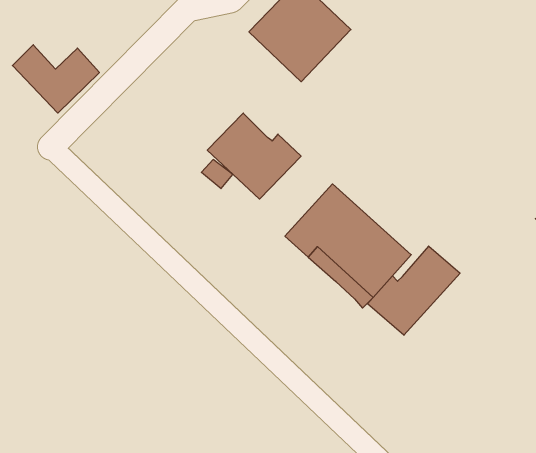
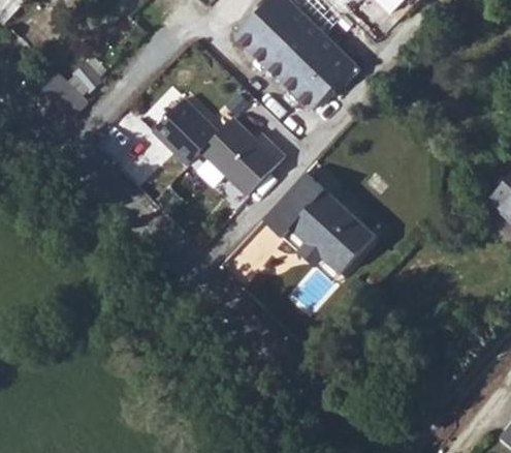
building: none -> [286,40,361,116]
building: none -> [152,94,219,160]
building: [368,246,460,335] -> none

